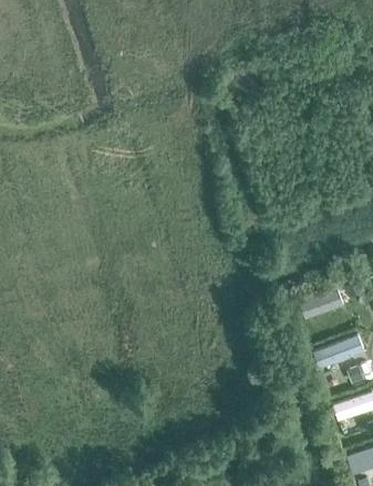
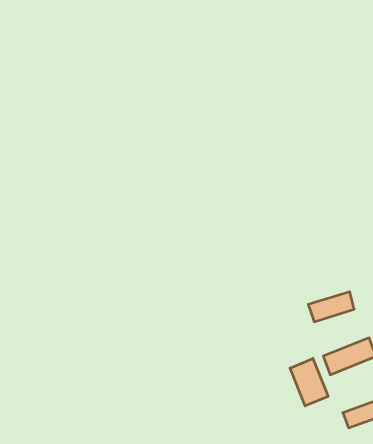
building: none -> [290,358,328,406]

